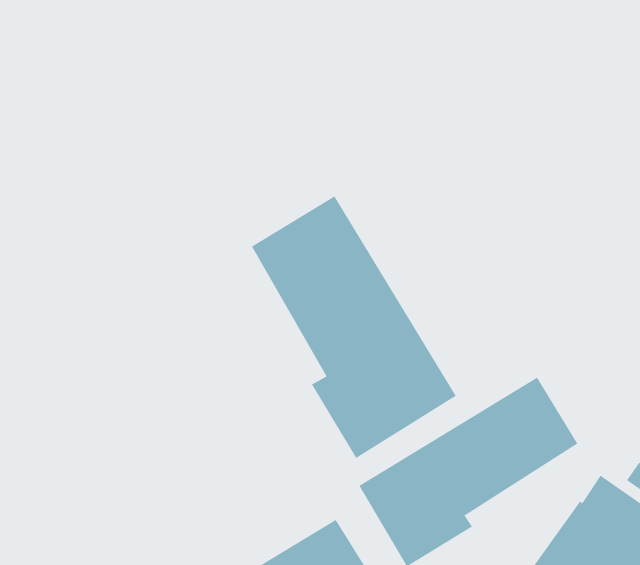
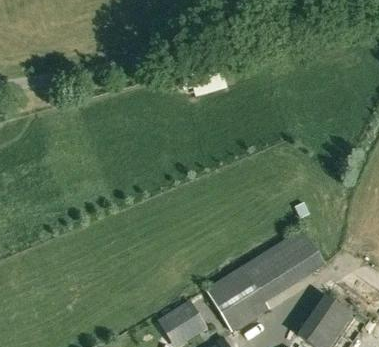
building: [251,196,457,459] -> none

